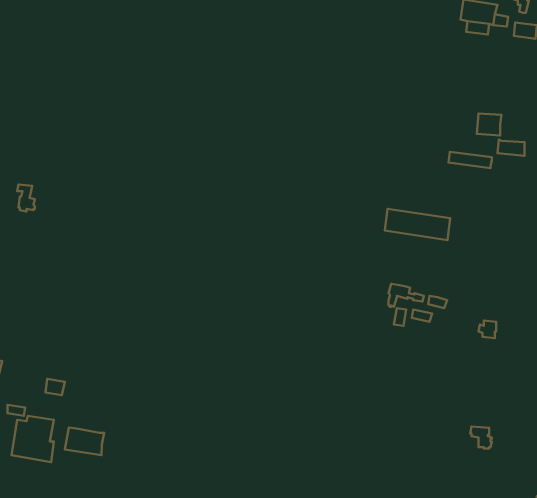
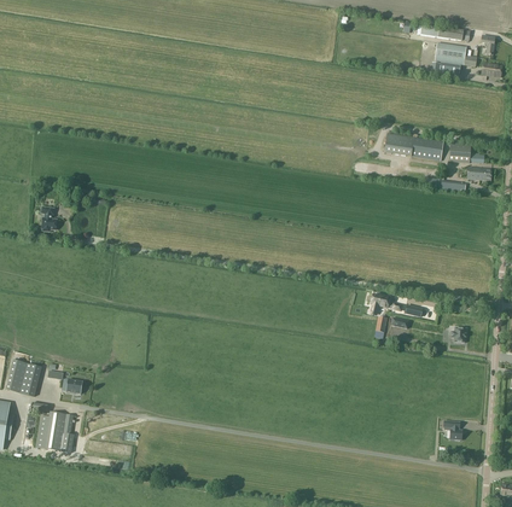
building: [385,209,450,240] -> [386,133,444,161]
building: [65,428,104,455] -> none

